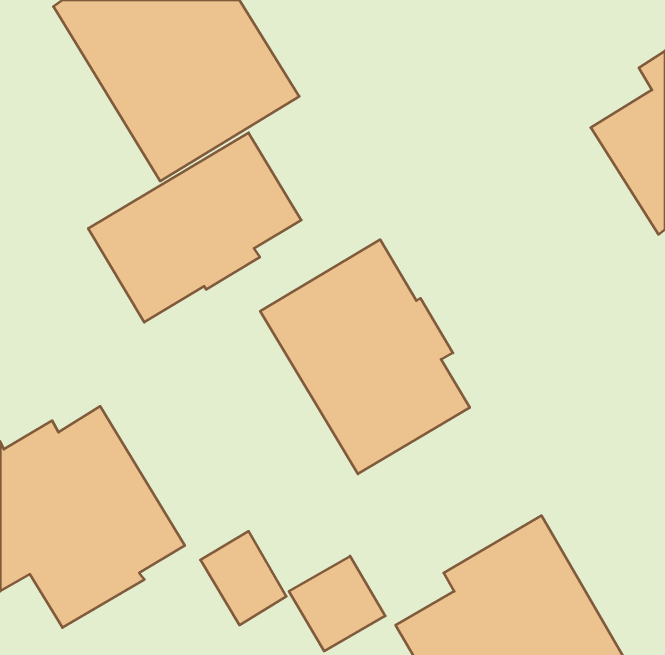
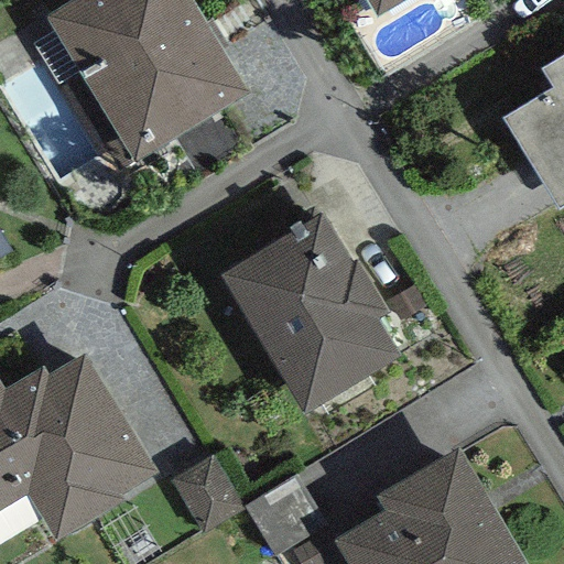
building: [88,133,301,322] -> none

